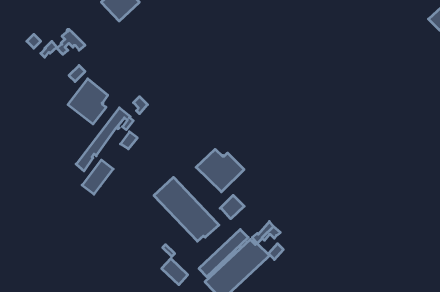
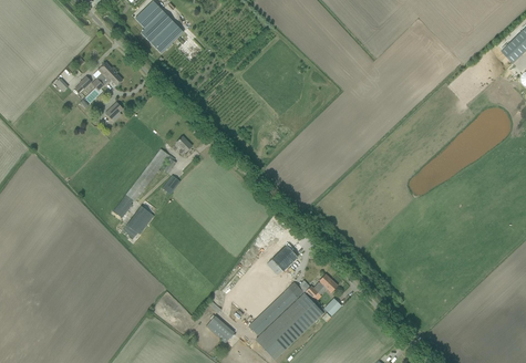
building: [68,79,108,124] -> none
building: [196,149,244,192] -> none
building: [154,177,219,241] -> none

